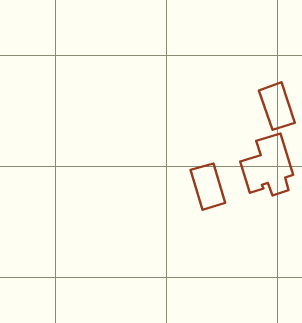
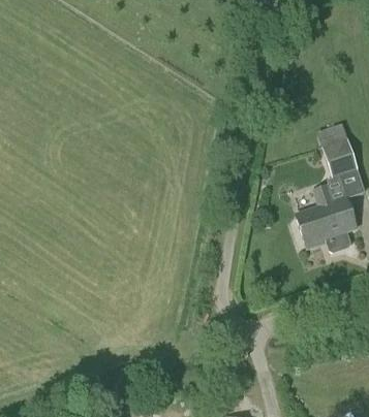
building: [190,163,225,210] -> none

